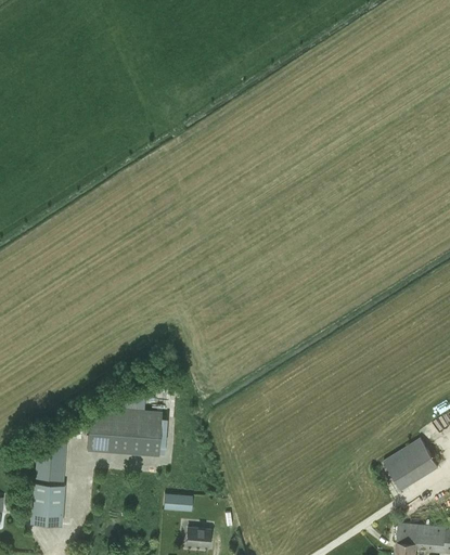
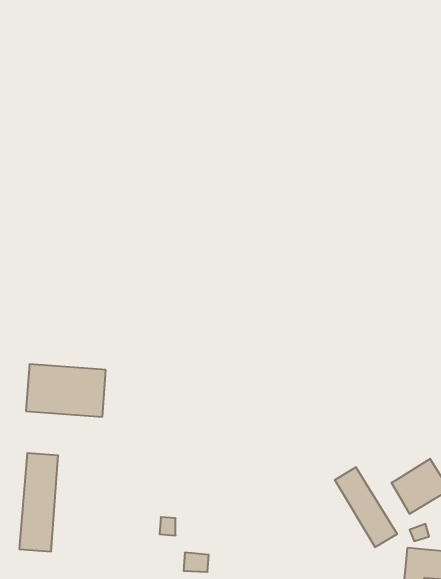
building: [87,406,163,456] -> [26,364,106,417]
building: none -> [335,467,397,547]

